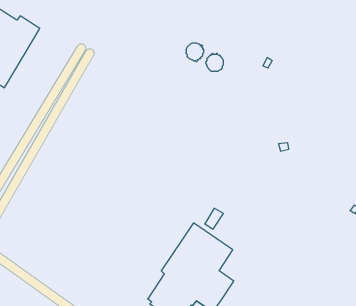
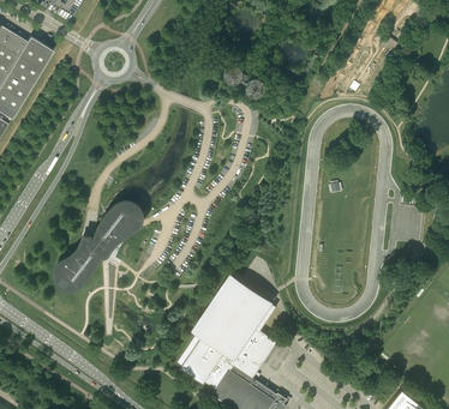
building: none -> [56,202,140,287]

